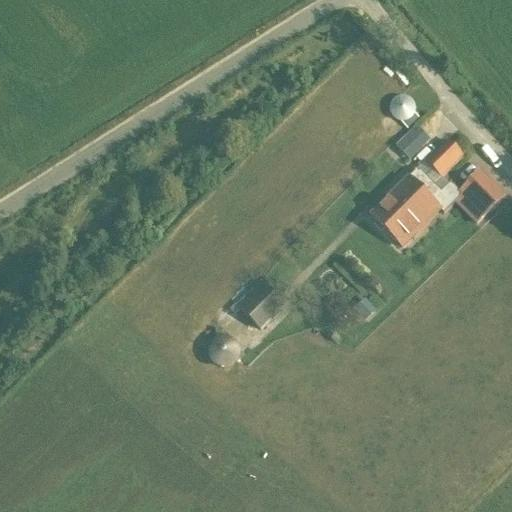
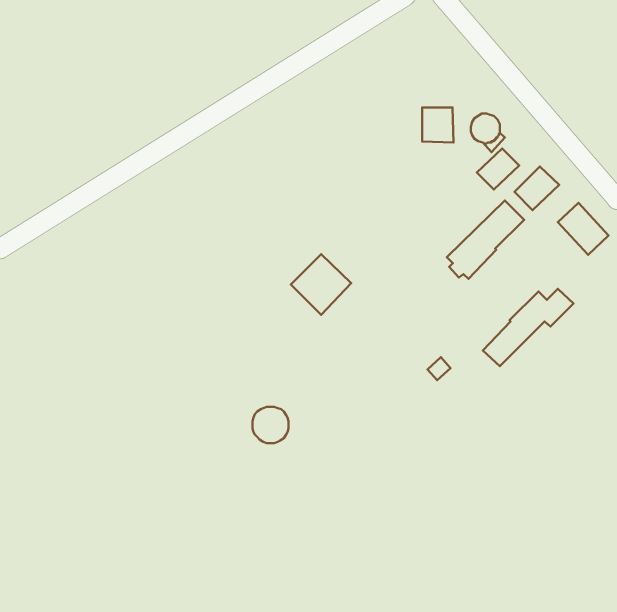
building: none -> [422,108,453,142]
building: [388,180,463,244] -> [483,289,573,366]
building: [235,279,285,329] -> [291,254,351,315]

